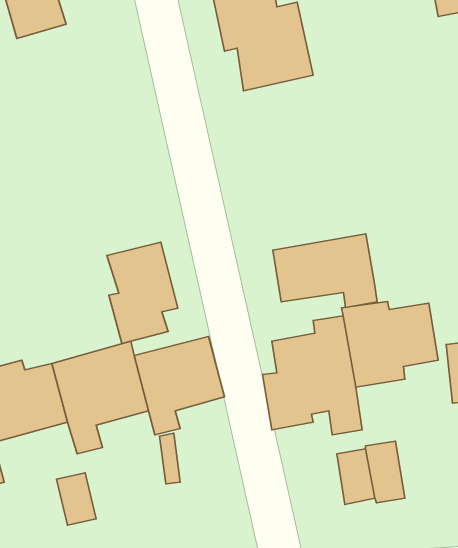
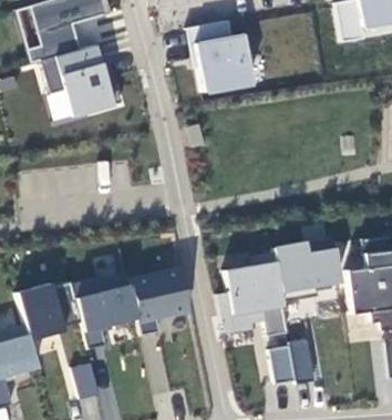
building: none -> [41,42,122,115]
building: [273,234,377,307] -> none
building: [107,242,178,344] -> none

